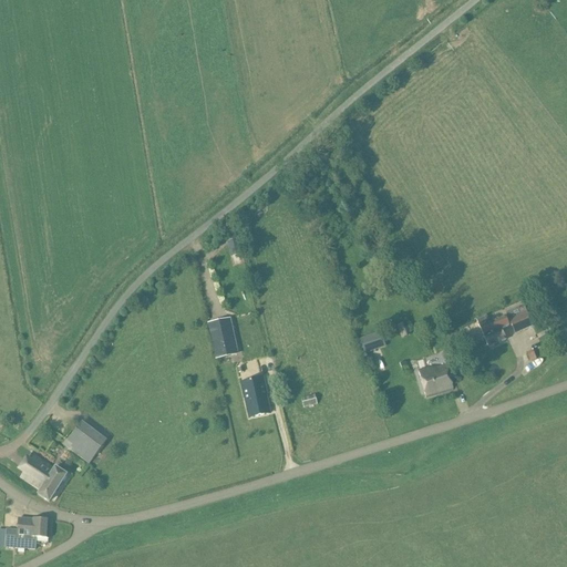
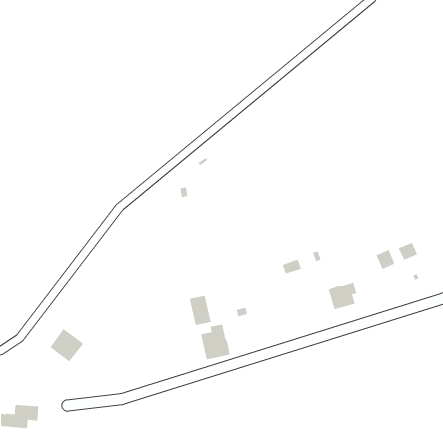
building: [208,316,237,355] -> none
building: none -> [200,324,230,360]
building: [20,453,66,499] -> none

